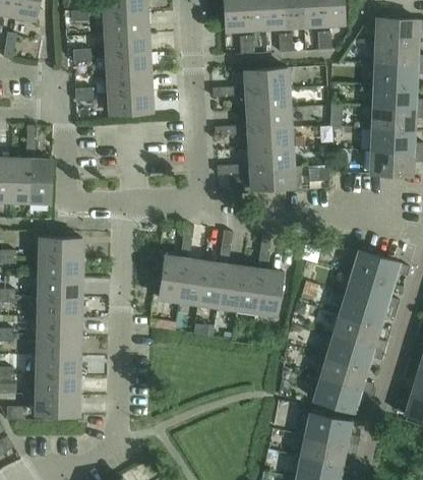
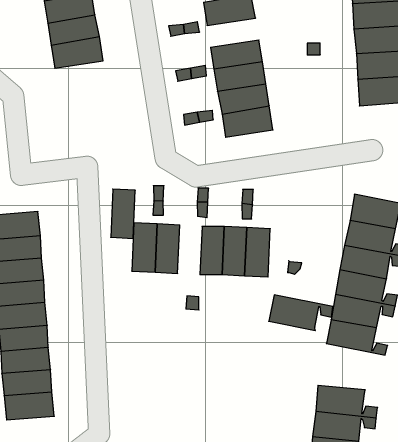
building: [245,89,289,111] -> none
building: [197,262,223,307] -> [111,189,135,239]
building: [313,378,370,413] -> [269,295,333,331]

